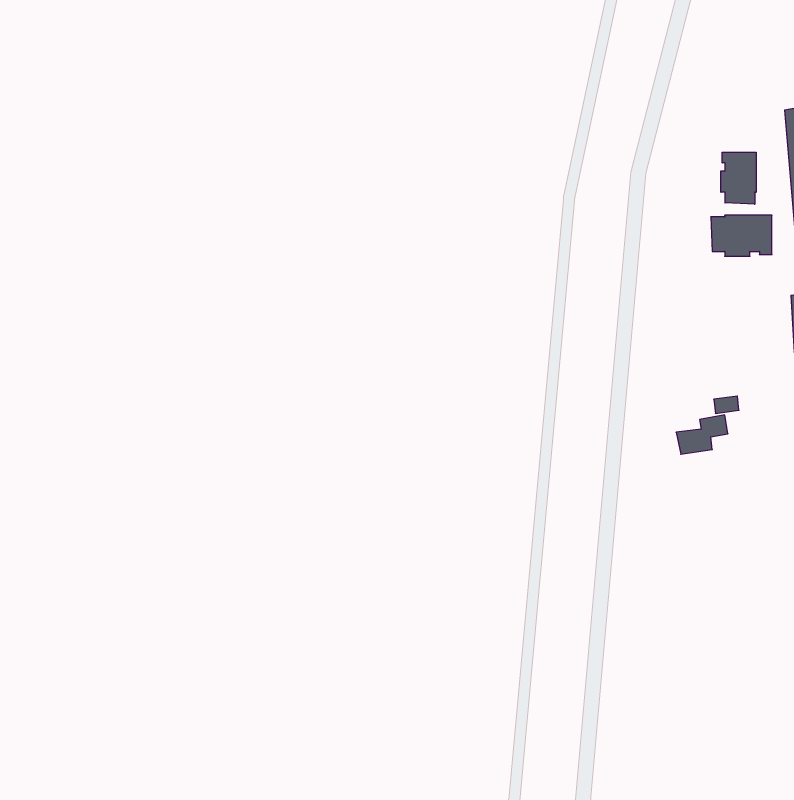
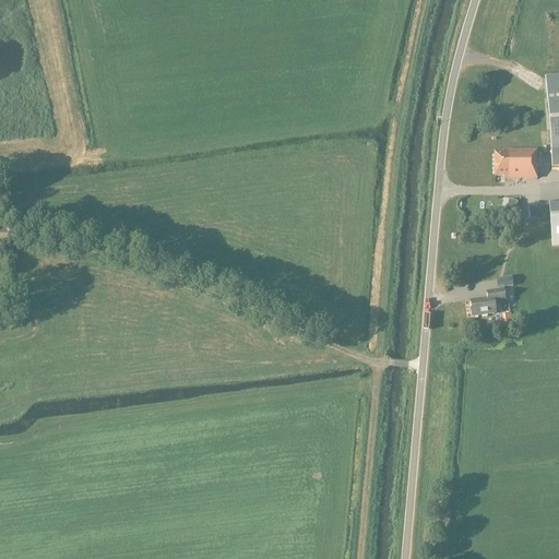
building: [721,152,756,204] -> none

